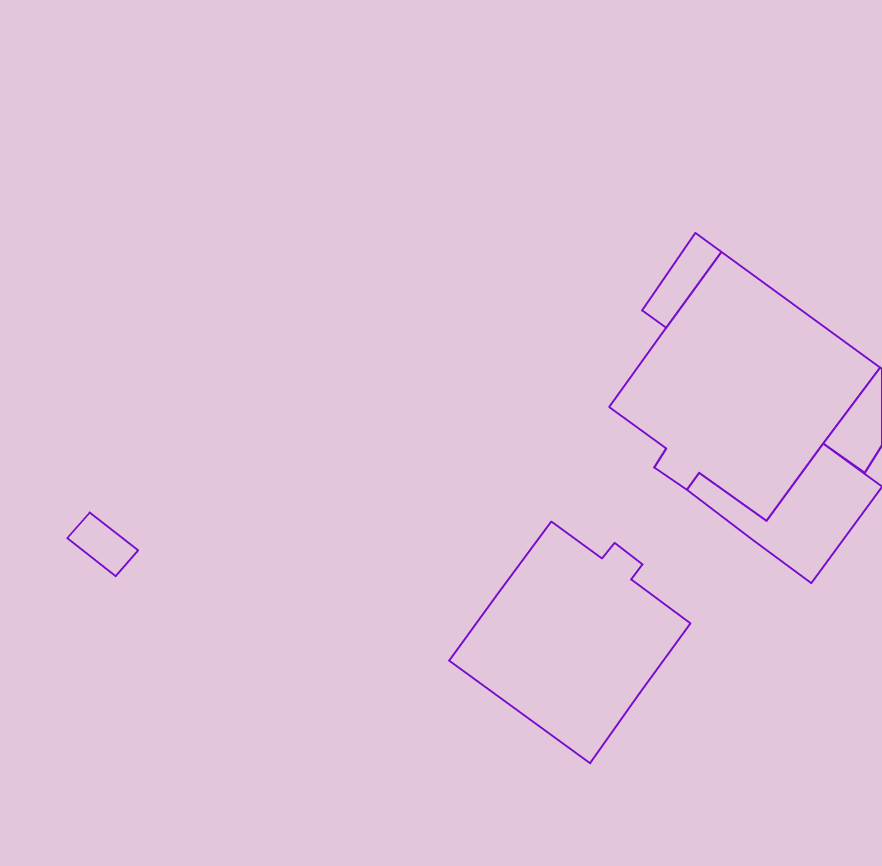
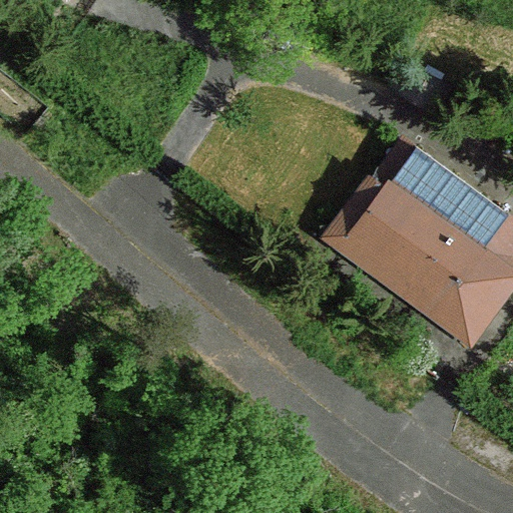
building: [449,522,690,763] -> none

